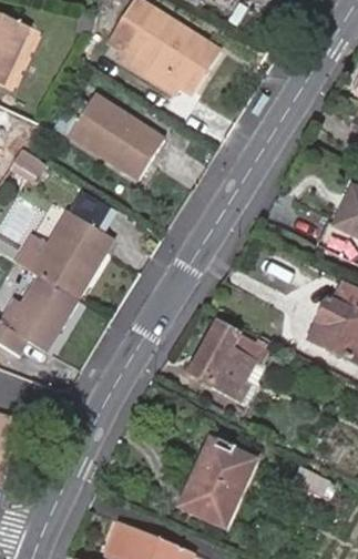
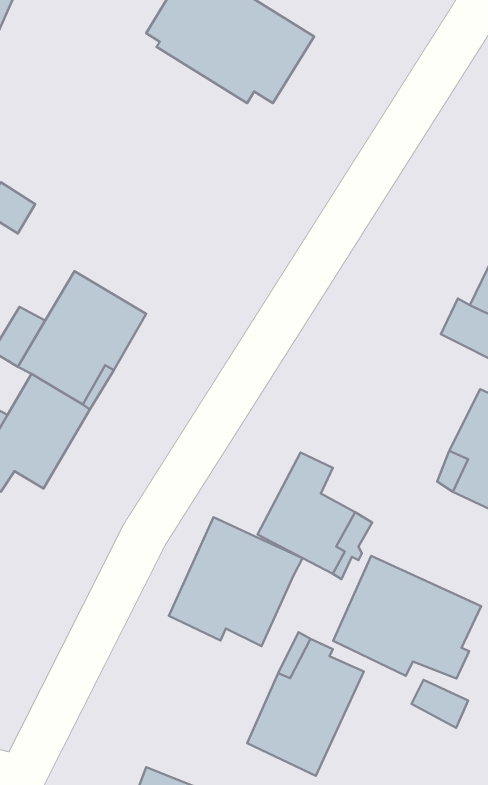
building: [70,95,165,182] -> none
building: none -> [169,517,303,646]
building: none -> [333,556,481,678]

